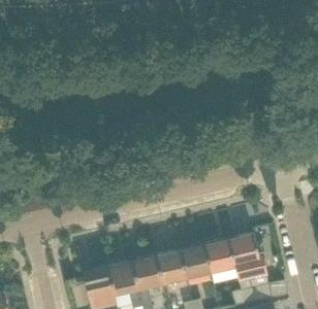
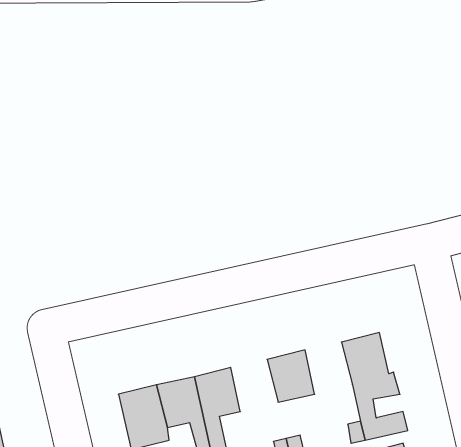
building: [204,239,235,273] -> none
building: [156,250,187,284] -> none

